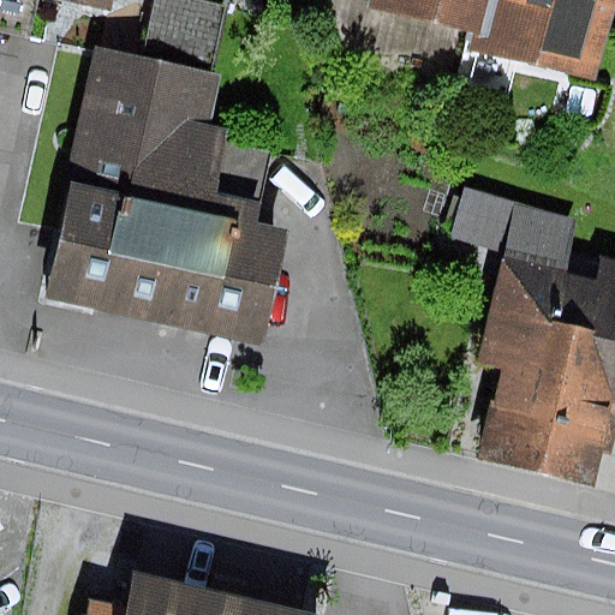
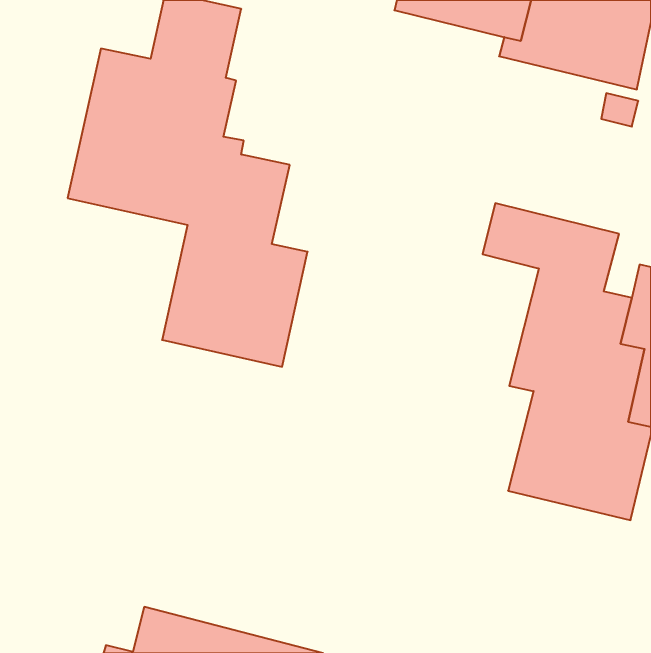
building: [41,186,177,320] -> none

